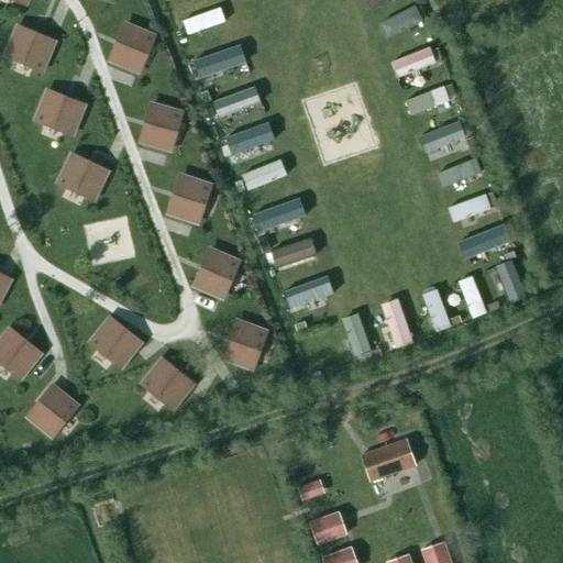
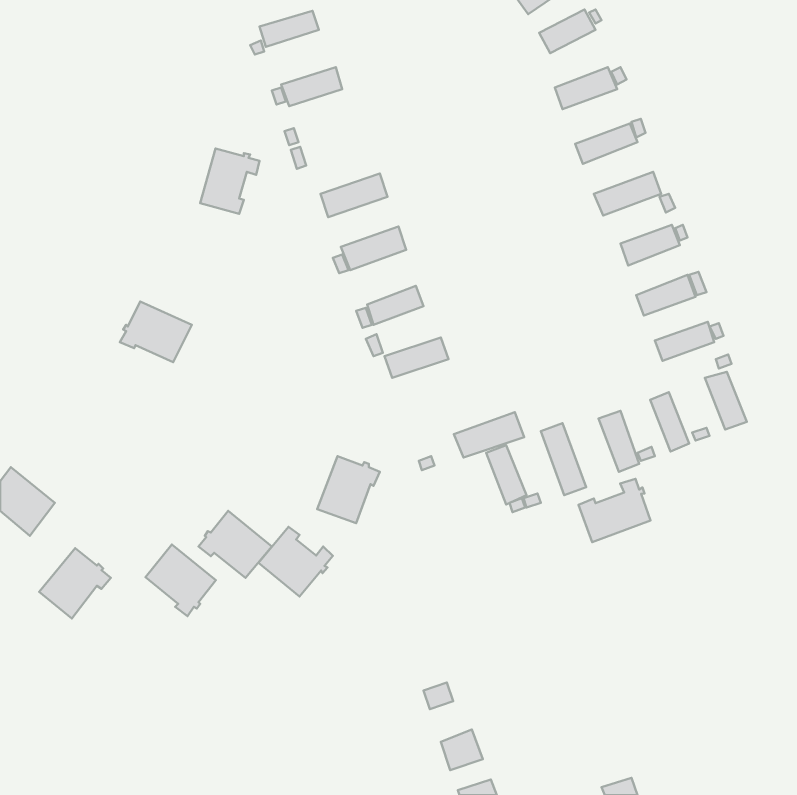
building: [111,24,156,73] -> none
building: [7,26,55,71] -> none
building: [213,86,262,118] -> none
building: [35,90,84,133] -> none
building: [57,155,108,198] -> [120,301,192,362]
building: [169,176,212,222] -> none
building: [196,250,241,297] -> none
building: [284,275,333,307] -> [454,412,524,458]
building: [91,318,141,368] -> [145,544,216,616]
building: none -> [579,479,651,542]
building: none -> [258,527,333,597]
building: [363,435,415,476] -> none

